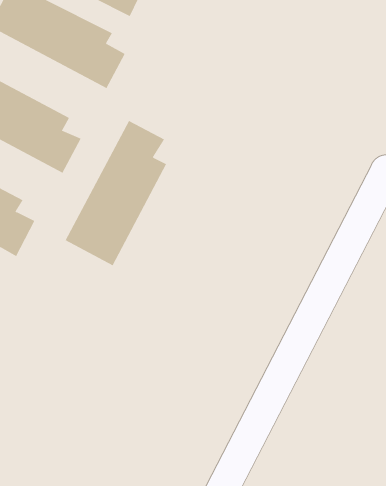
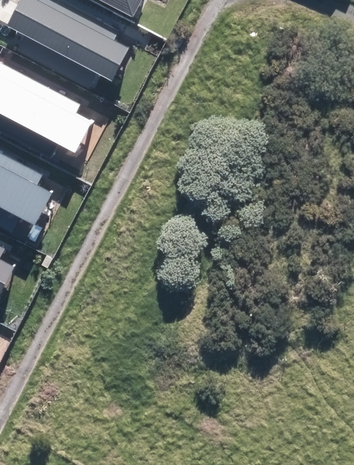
building: [65,120,167,266] -> none

